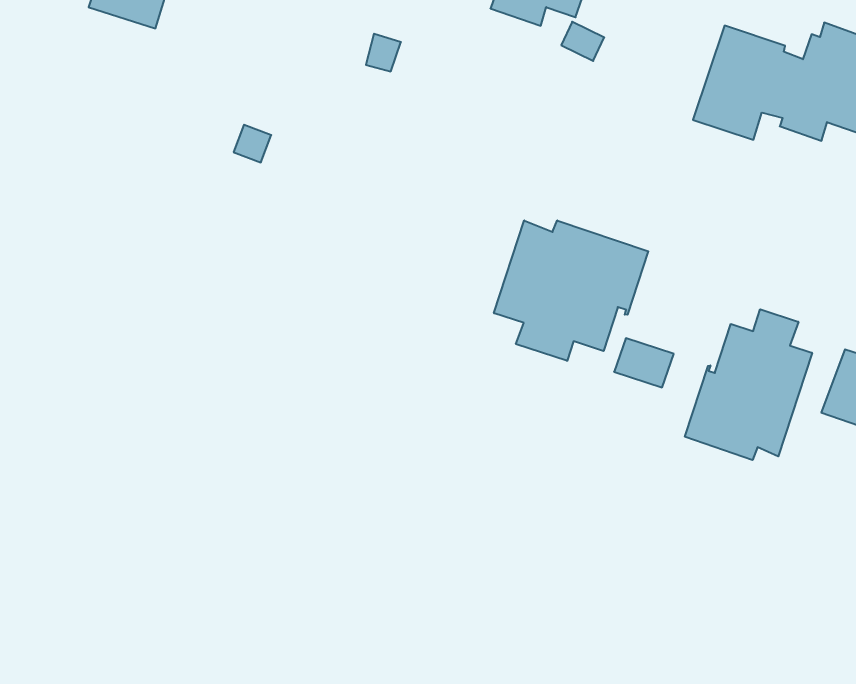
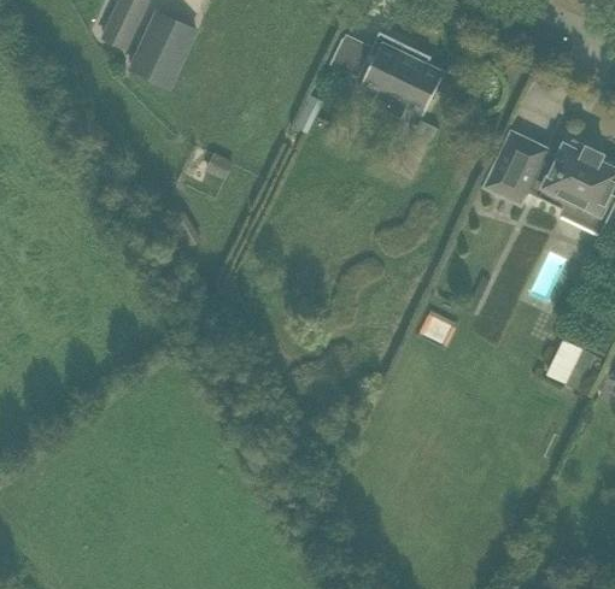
building: [494,220,648,361] -> none
building: [685,309,812,460] -> none

